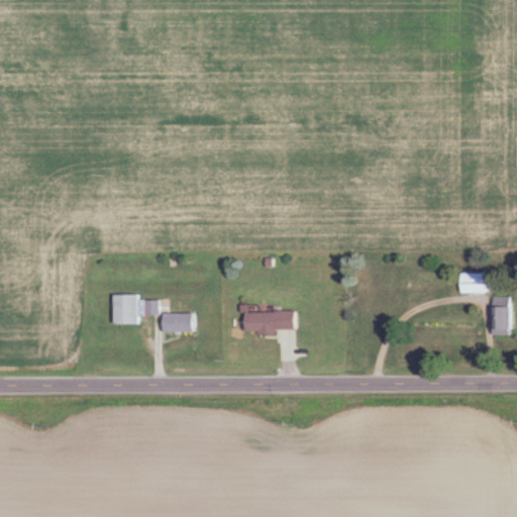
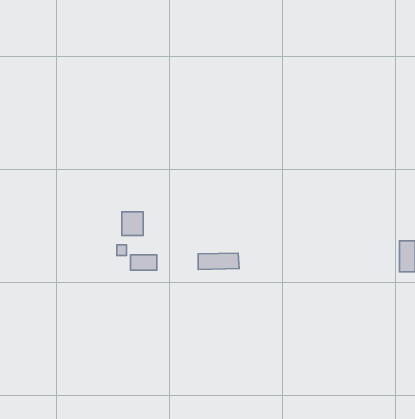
building: [461,272,487,292] -> none
building: [111,295,137,324] -> [122,212,143,236]

